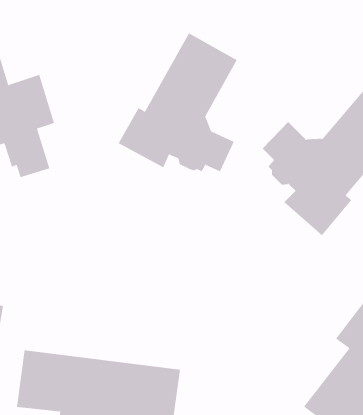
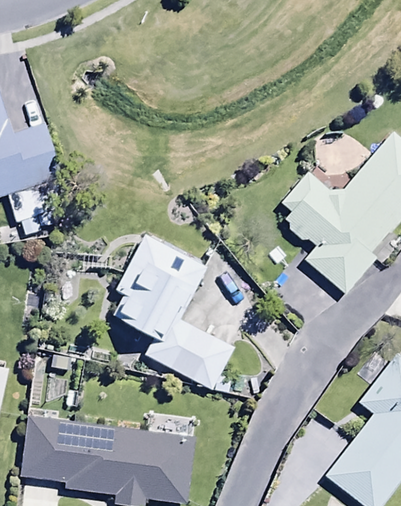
building: [118,33,238,172] -> none
building: none -> [112,234,234,394]

